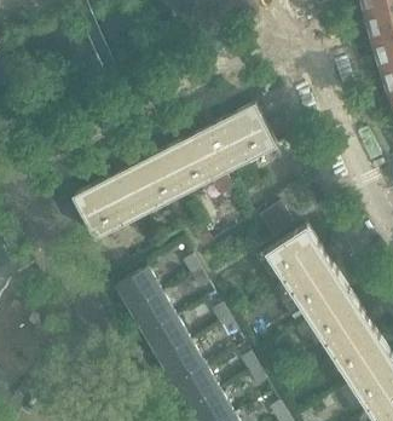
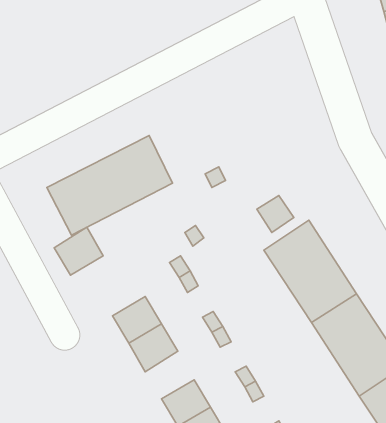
building: [163,105,274,195] -> none
building: [116,270,160,312] -> [54,227,103,275]
building: [160,344,203,386] -> none

